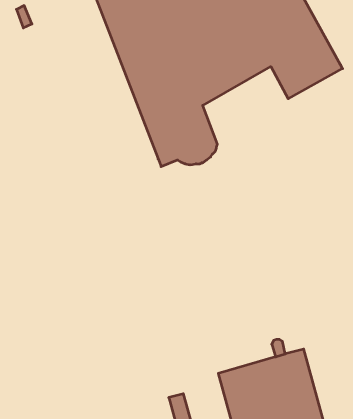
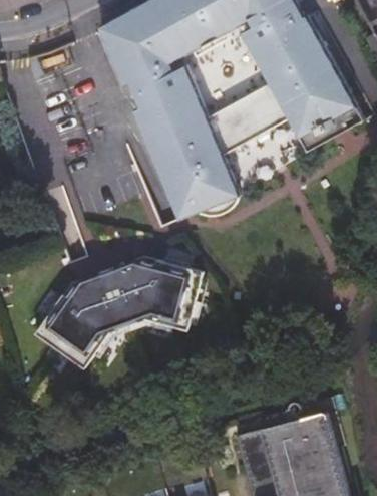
building: none -> [30,259,200,366]

